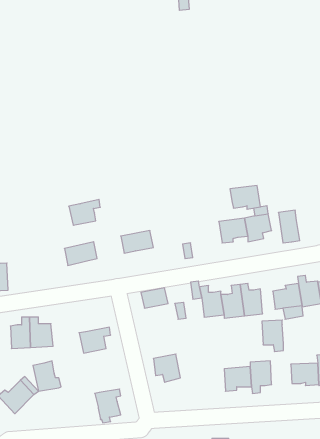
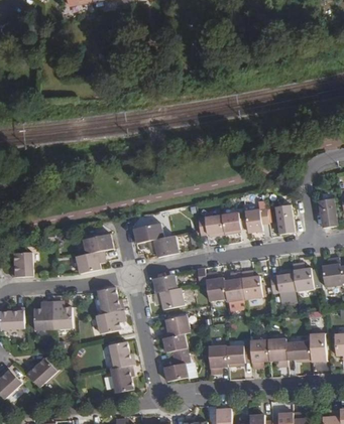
building: [230,186,260,209] -> [197,215,224,236]
building: [69,199,100,225] -> [76,250,104,273]
building: none -> [146,235,178,257]
building: none -> [98,286,123,313]
building: none -> [152,287,183,309]
building: [262,320,283,352] -> [267,338,286,367]
building: none -> [160,315,189,337]
building: [33,361,61,391] -> [109,340,134,368]
building: none -> [208,345,227,375]
building: none -> [162,355,189,381]

